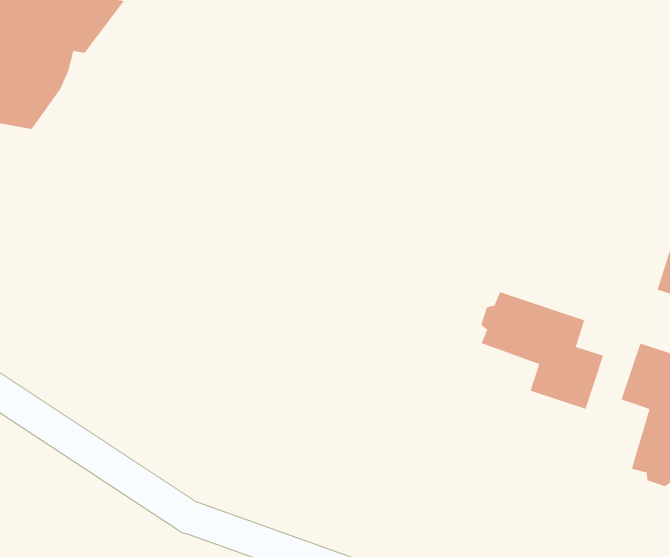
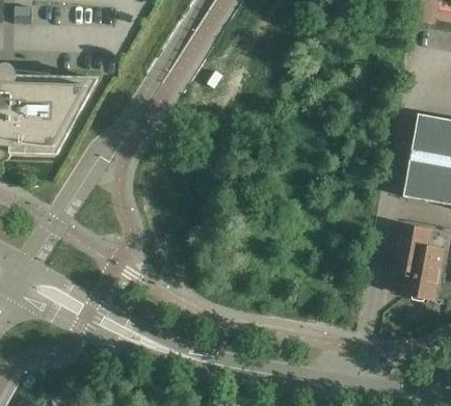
building: [480,291,604,410] -> none

